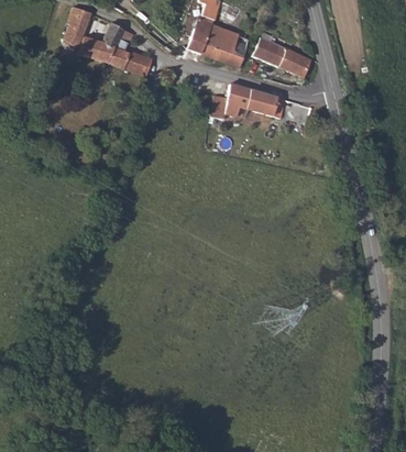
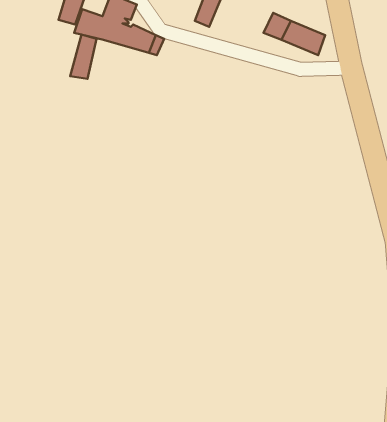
building: [202,32,248,63] -> none
building: none -> [70,35,97,79]
building: [210,85,286,119] -> none

